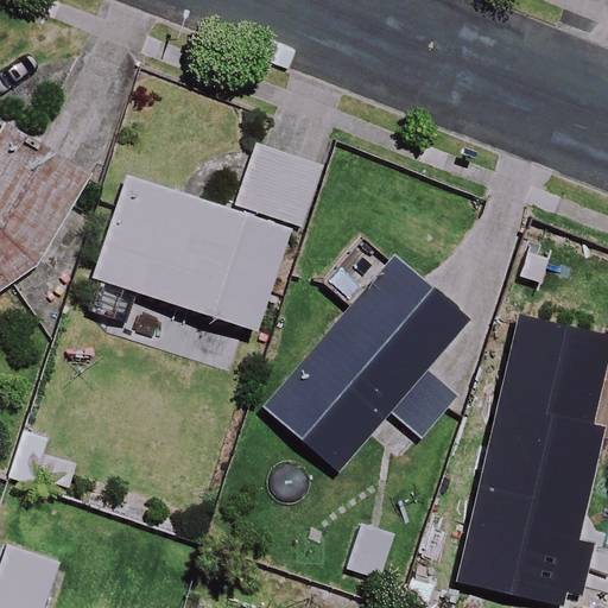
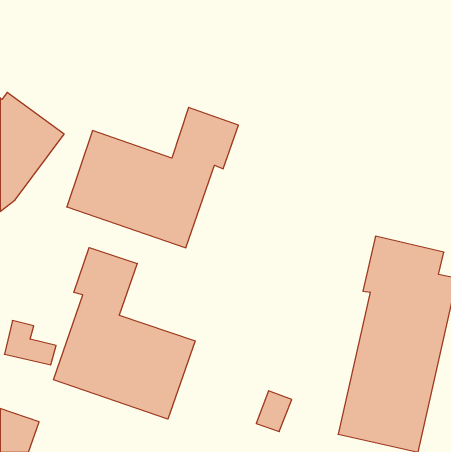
building: [262,261,467,469] -> none
building: none -> [54,248,195,419]

